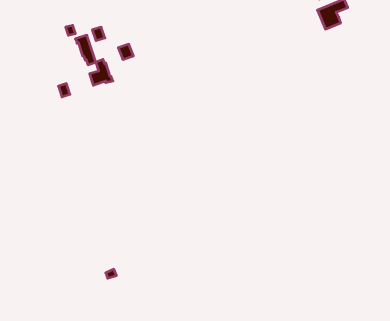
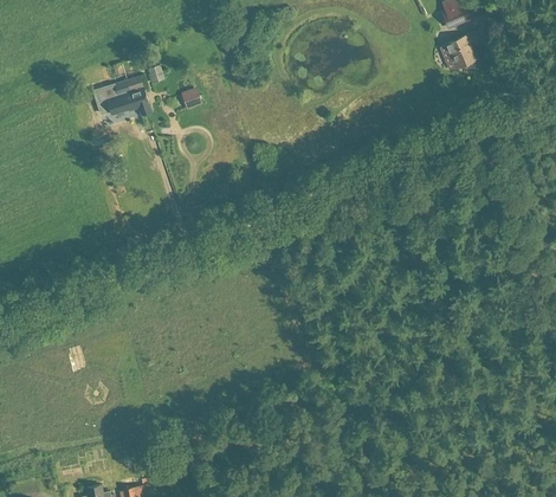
building: [90,59,113,85] -> [103,83,134,117]

